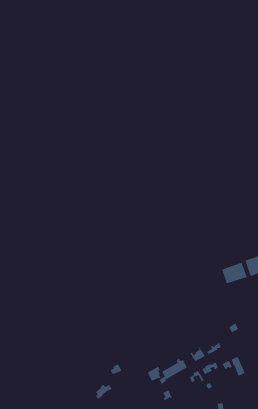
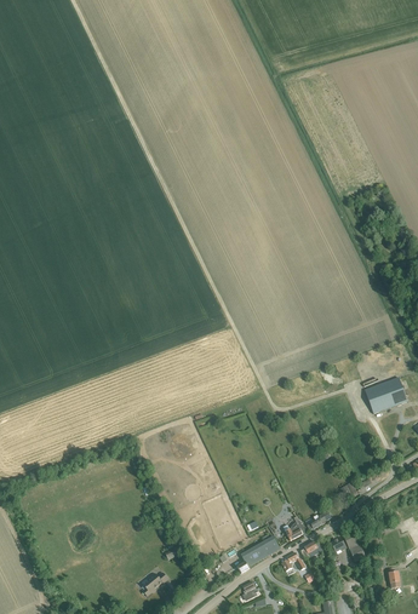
building: [221,262,248,284] -> none

